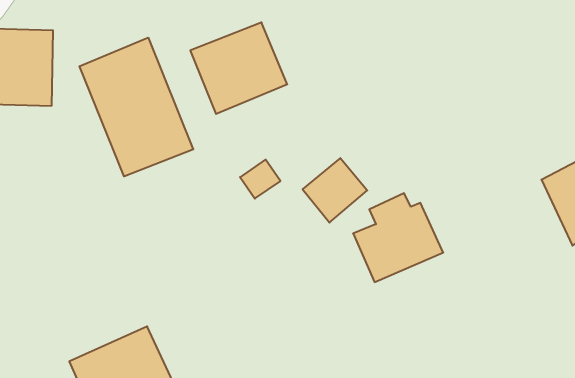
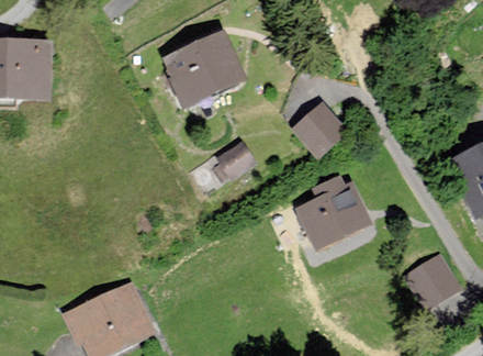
building: [79,38,193,176] -> none
building: [303,158,367,223] -> [295,103,348,156]
building: none -> [407,254,459,305]

